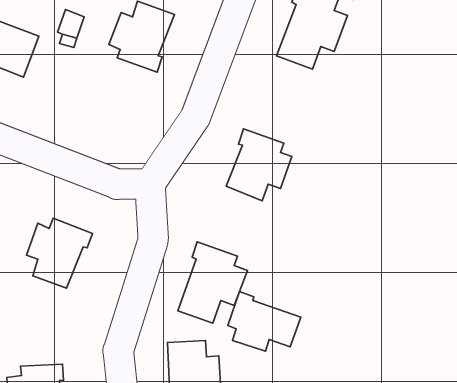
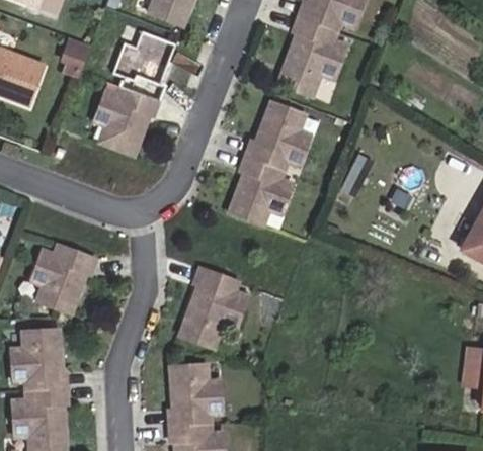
building: none -> [93,86,159,156]
building: none -> [244,101,310,170]
building: [228,292,301,351] -> none
building: none -> [10,329,66,389]

